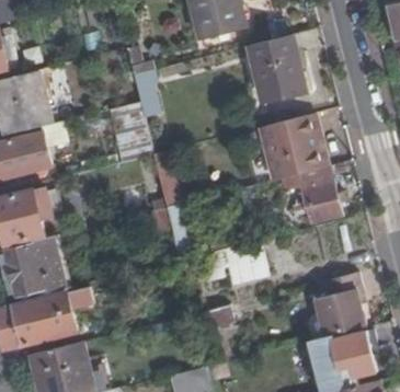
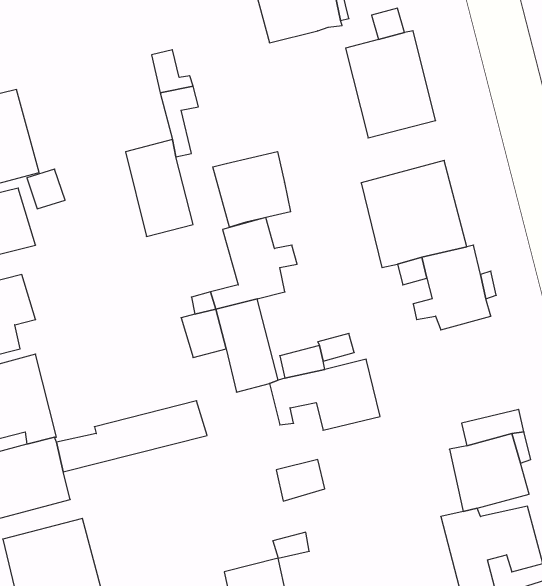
building: none -> [213,152,291,227]

